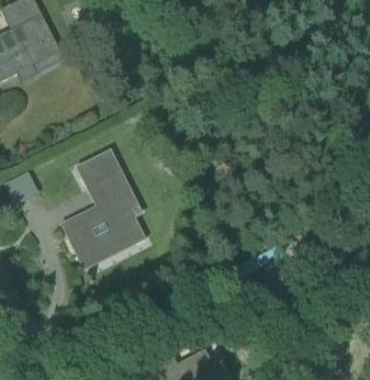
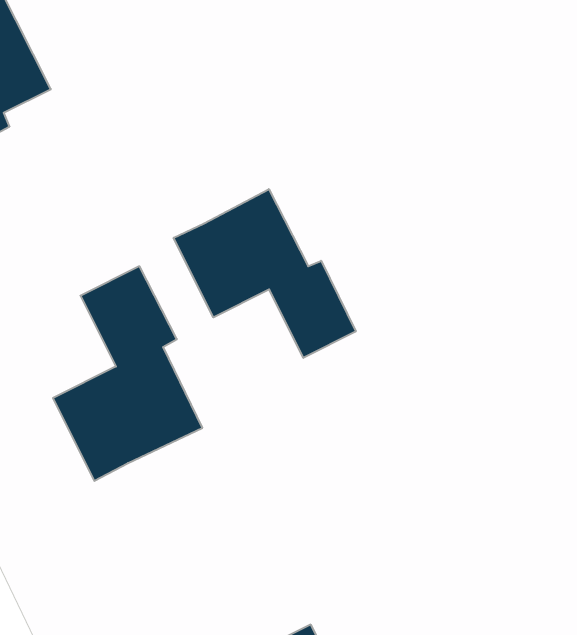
building: none -> [174,189,356,358]

